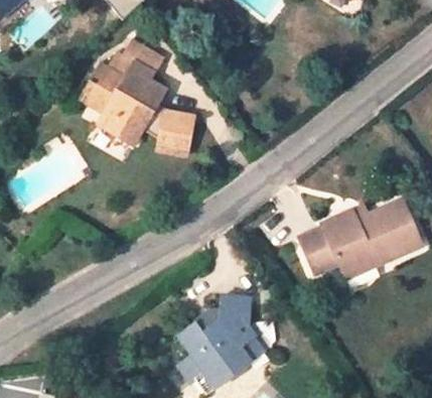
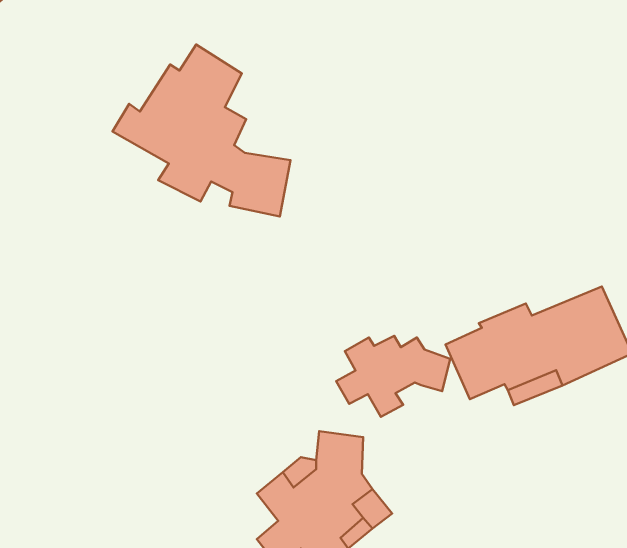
building: none -> [336,336,450,417]

